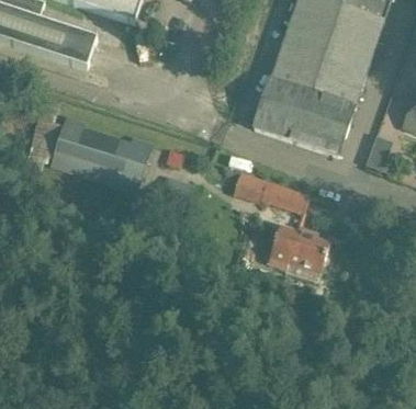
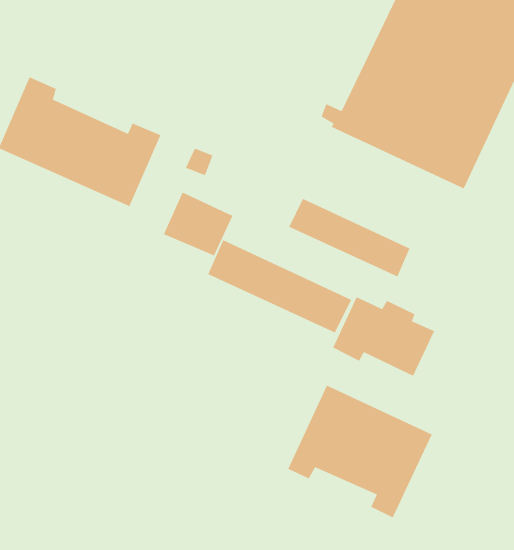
building: none -> [207,239,352,333]
building: none -> [287,385,433,519]

